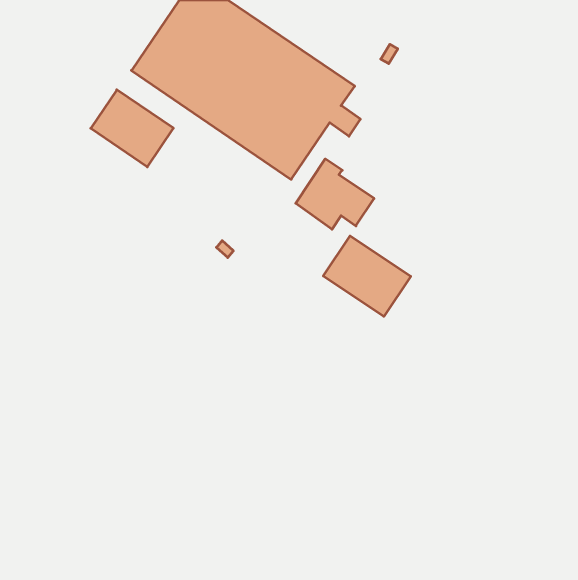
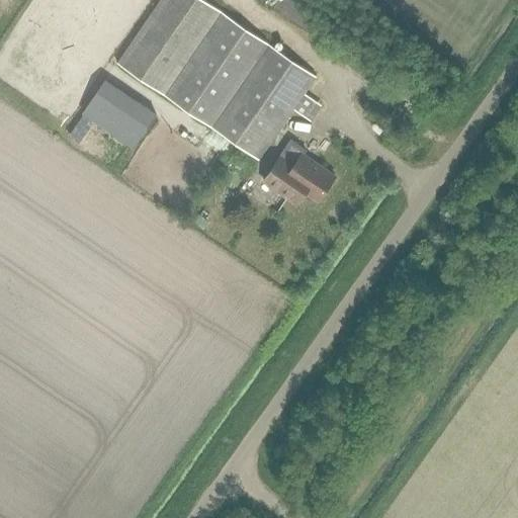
building: [323,236,411,316] -> none

